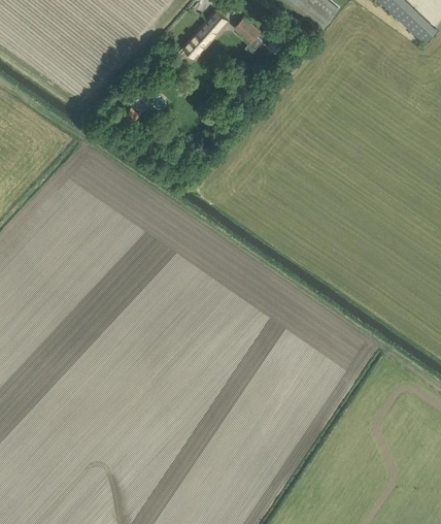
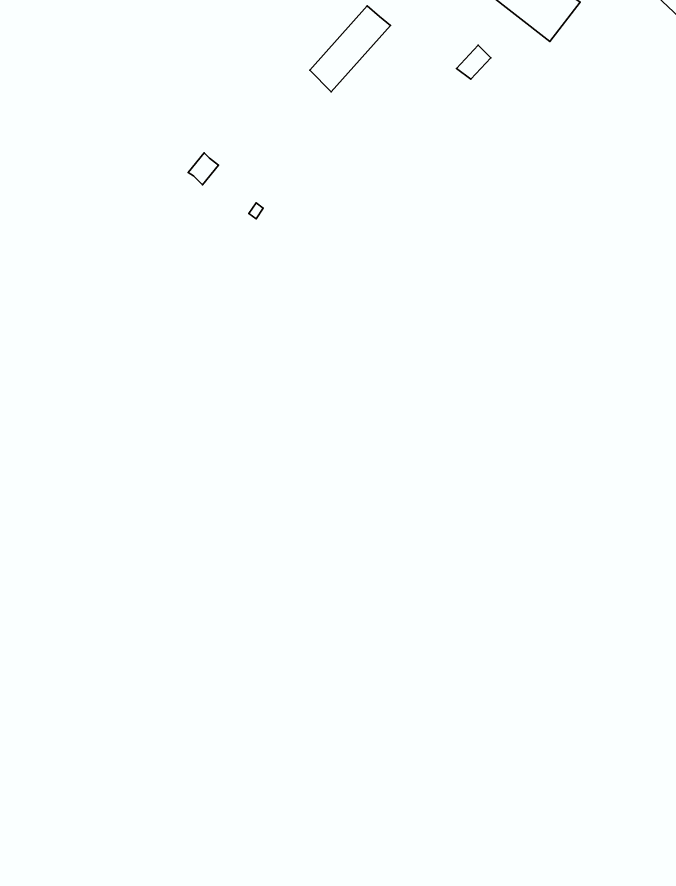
building: [235,14,262,53] -> none

